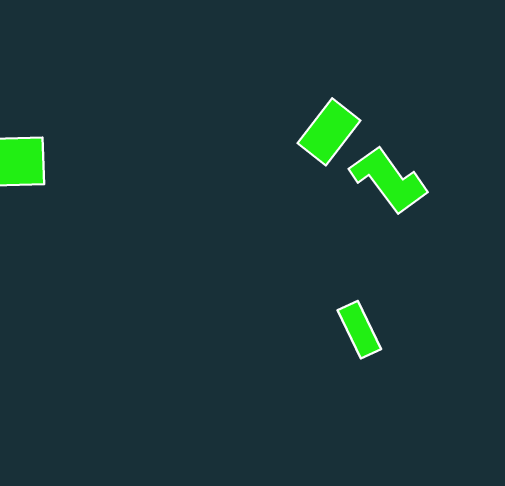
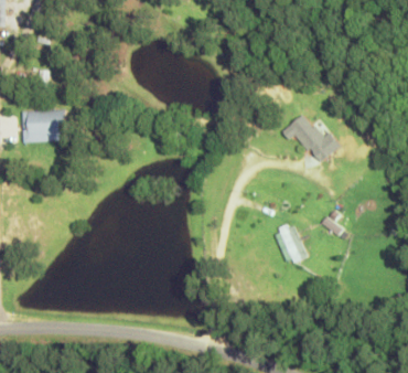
building: [298,98,361,166] -> none

